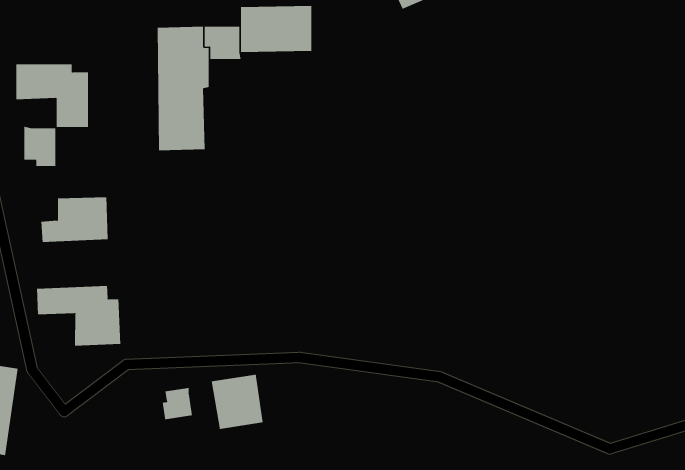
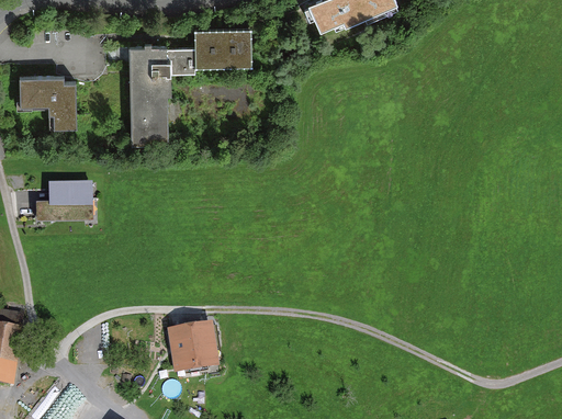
building: [24,126,56,167] -> none
building: [37,285,121,346] -> none
building: [162,387,193,420] -> none

